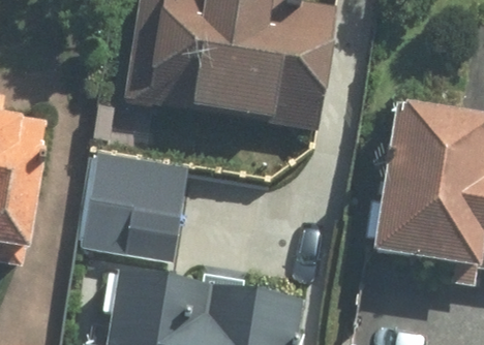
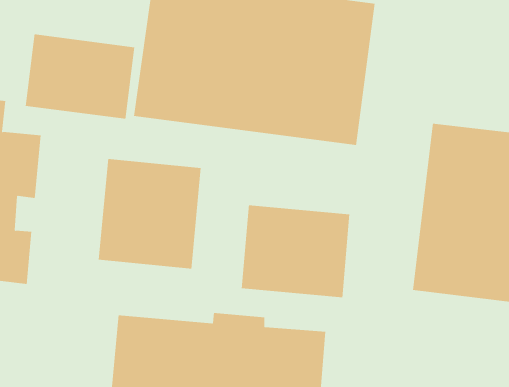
building: none -> [25,34,135,120]
building: none -> [241,204,350,298]

